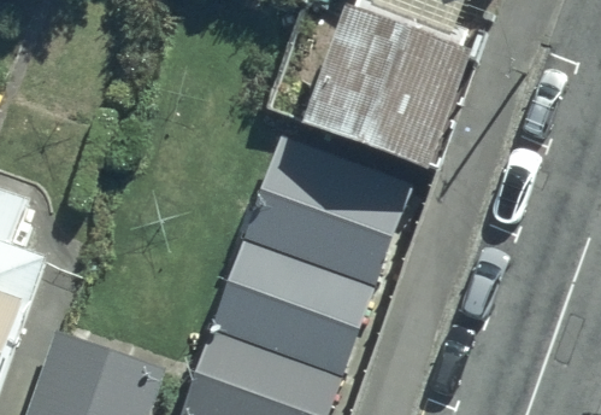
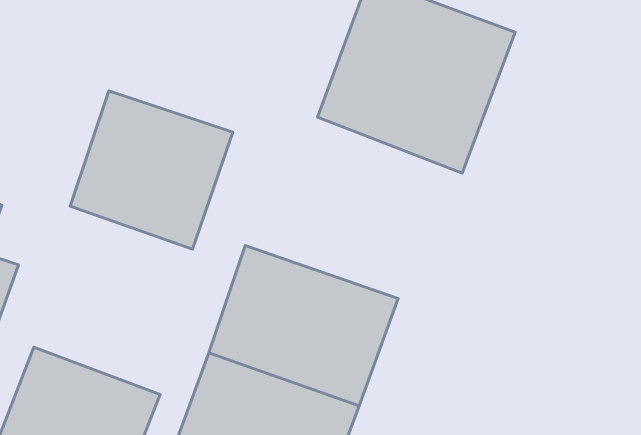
building: none -> [70,91,233,249]
building: [241,130,412,287] -> none

